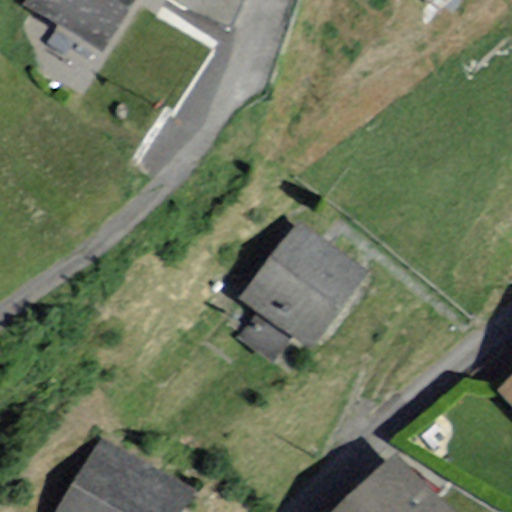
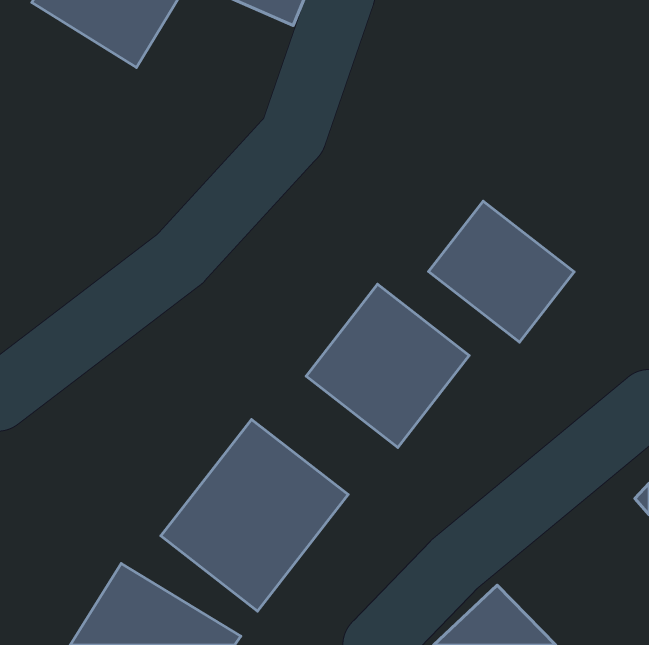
building: none -> [428,201,574,342]
building: none -> [161,419,348,611]

